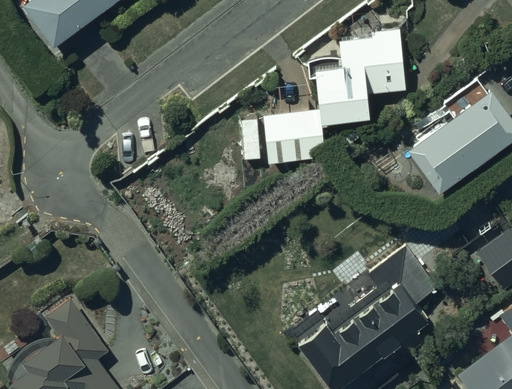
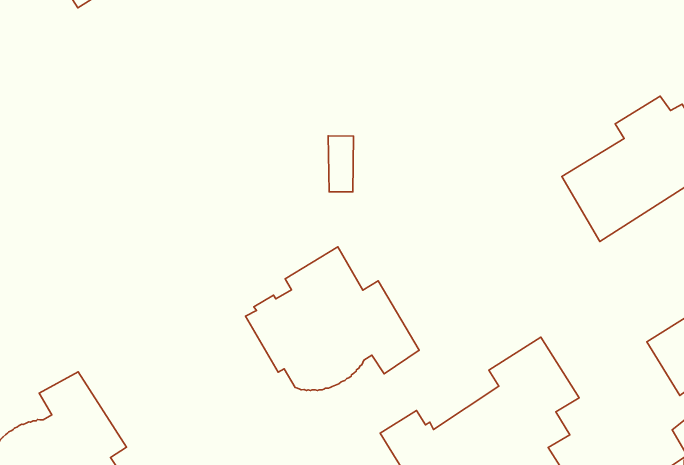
building: [264,30,405,162] -> none
building: none -> [245,247,419,391]

